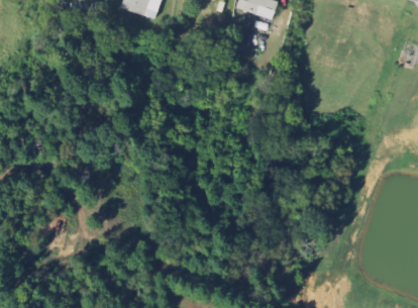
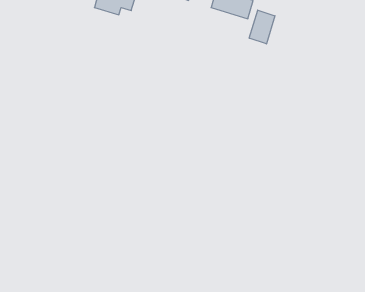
building: none -> [249,10,275,44]

